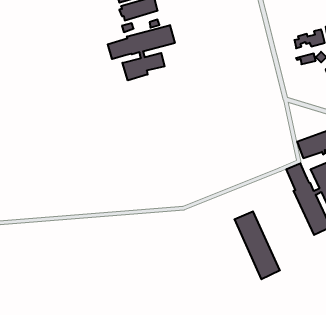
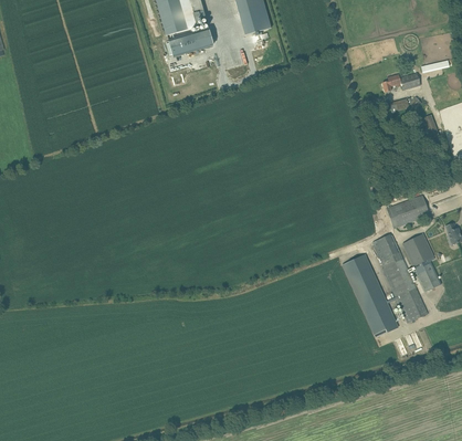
building: [108,25,175,80] -> none
building: [234,211,280,279] -> [342,254,398,338]

